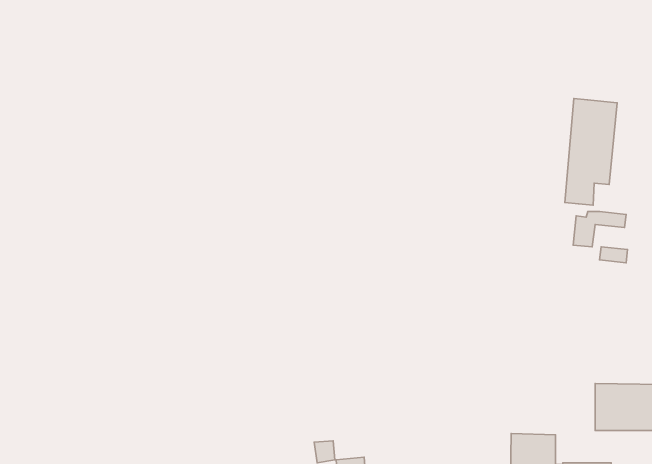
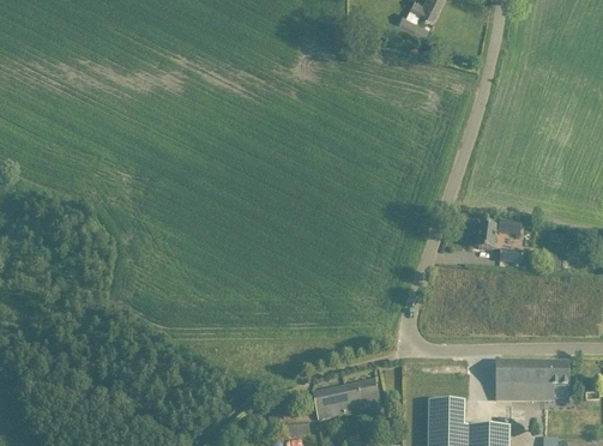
building: [565,98,617,205] -> none
building: none -> [313,379,379,417]

